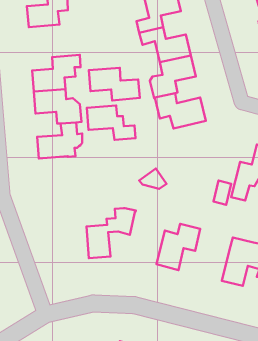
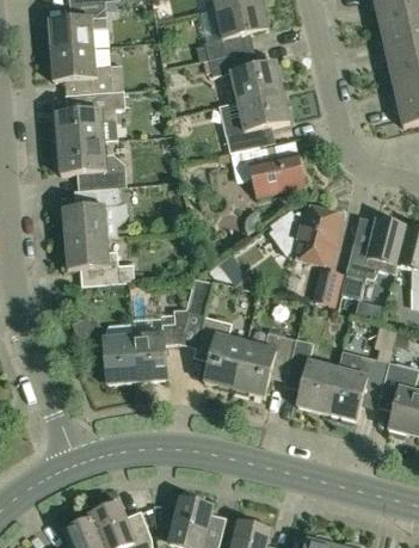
building: [89,68,140,100] -> [50,48,123,94]
building: [87,105,135,140] -> [64,235,134,284]
building: none -> [267,208,340,266]
building: none -> [195,315,245,389]
building: none -> [70,316,136,384]
building: none -> [286,339,337,413]

